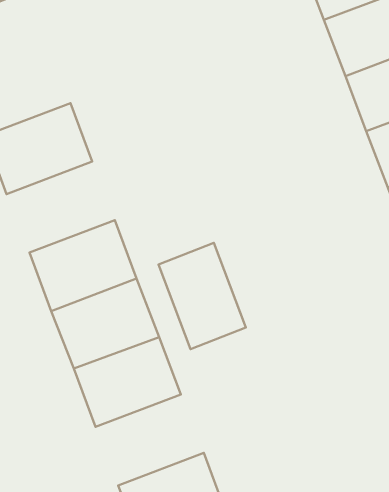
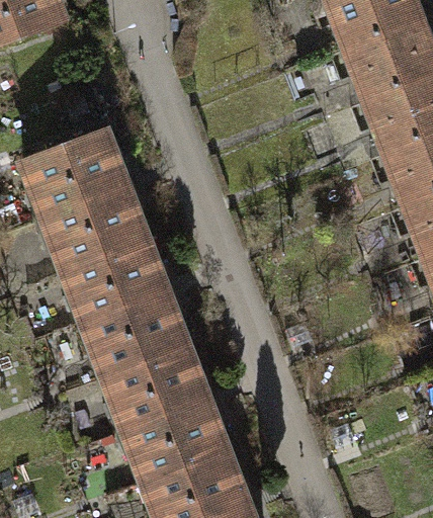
building: none -> [44,180,145,265]
building: [158,243,246,349] -> none
building: none -> [126,398,228,483]

